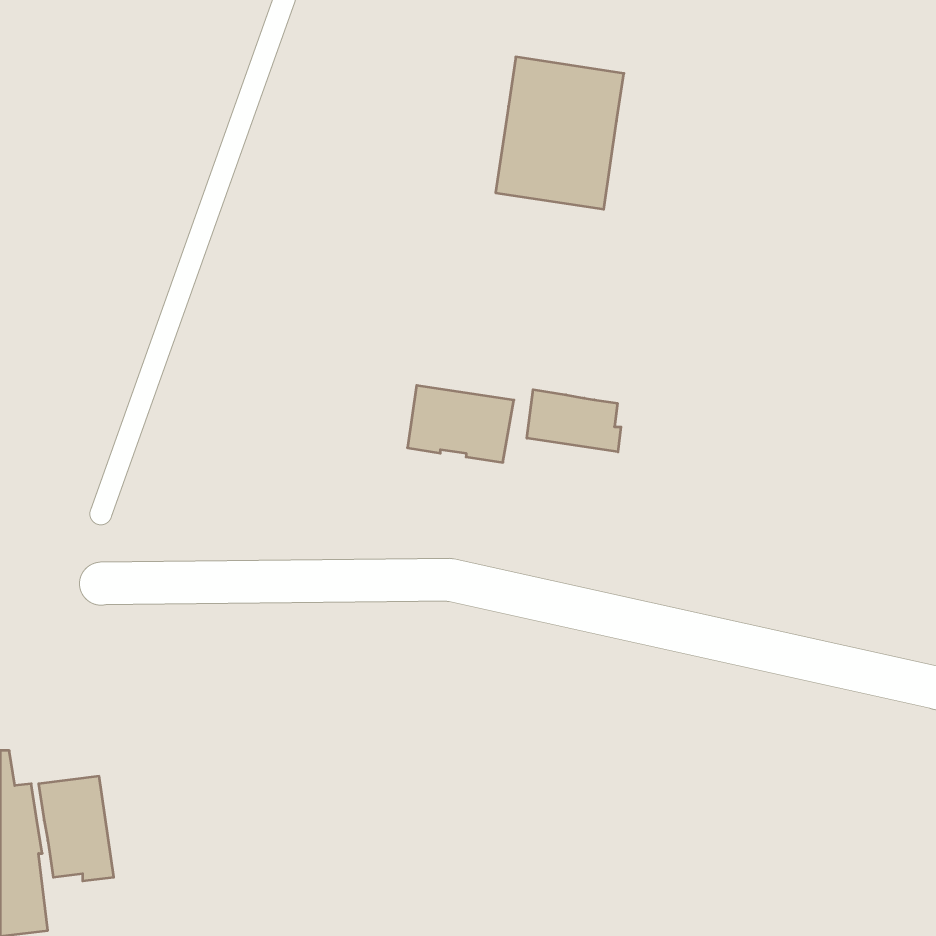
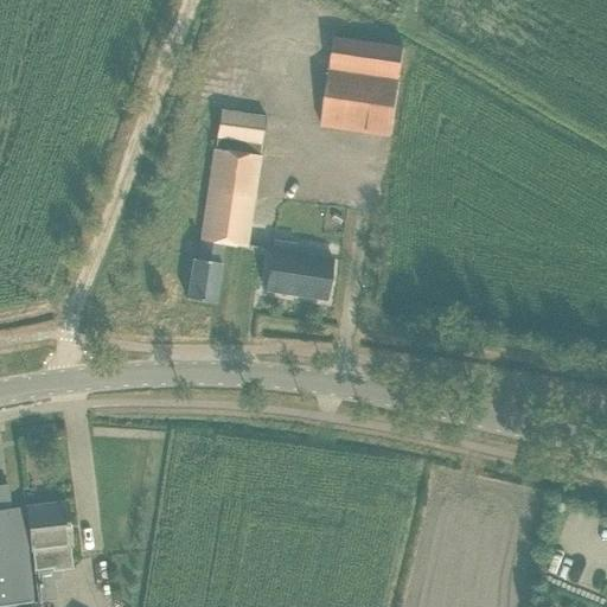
building: none -> [186,108,266,304]
building: [527,390,621,452] -> none

